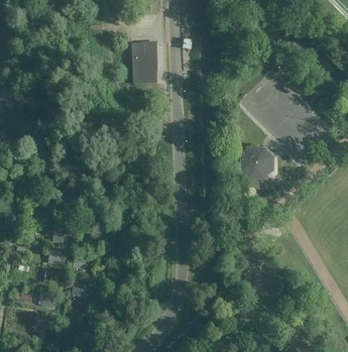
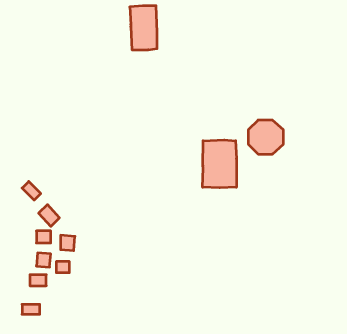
building: none -> [203,140,236,188]

